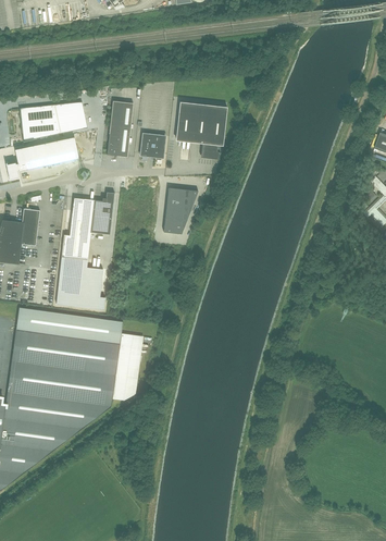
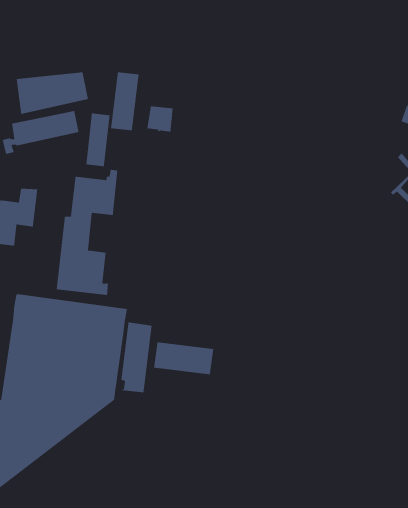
building: [175,101,226,159] -> none
building: none -> [85,112,110,167]
building: [162,187,197,234] -> none
building: none -> [153,342,214,375]

